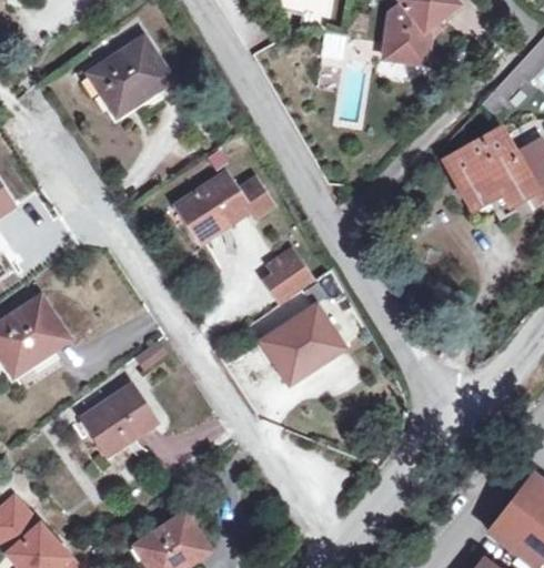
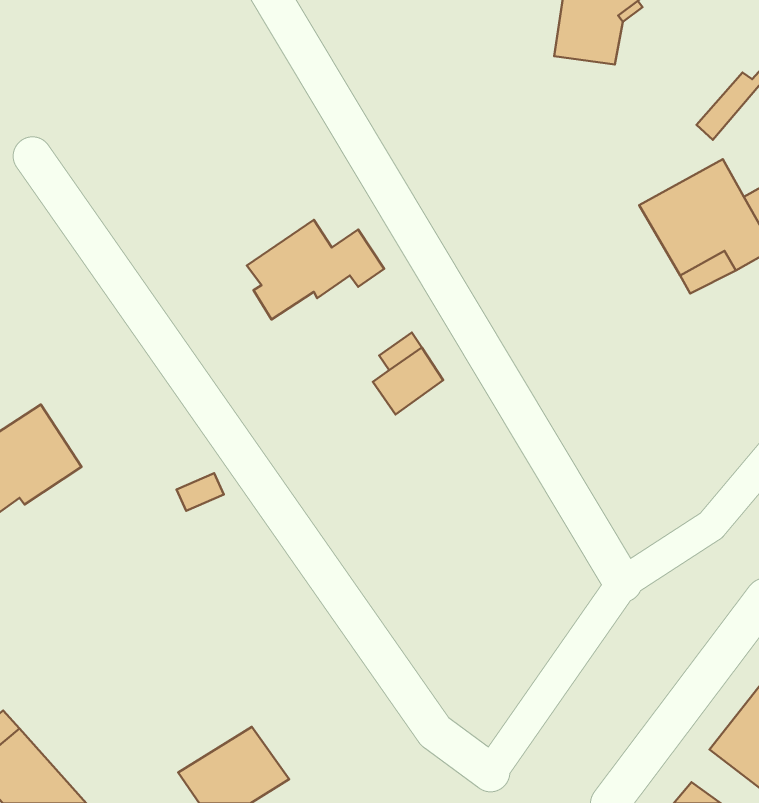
building: [90,38,167,111] -> none
building: [263,307,339,378] -> none
building: [82,384,154,450] -> none

